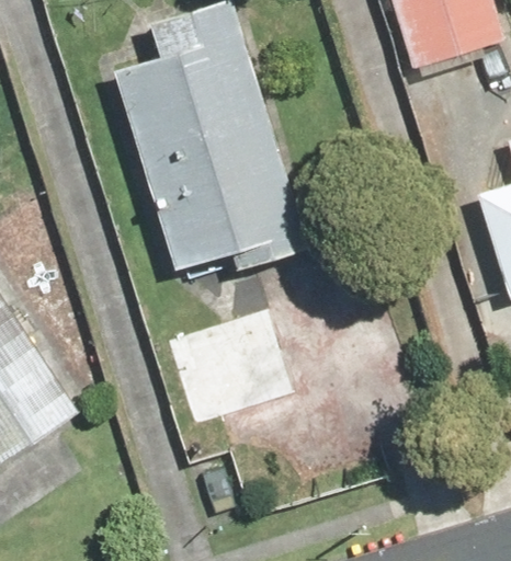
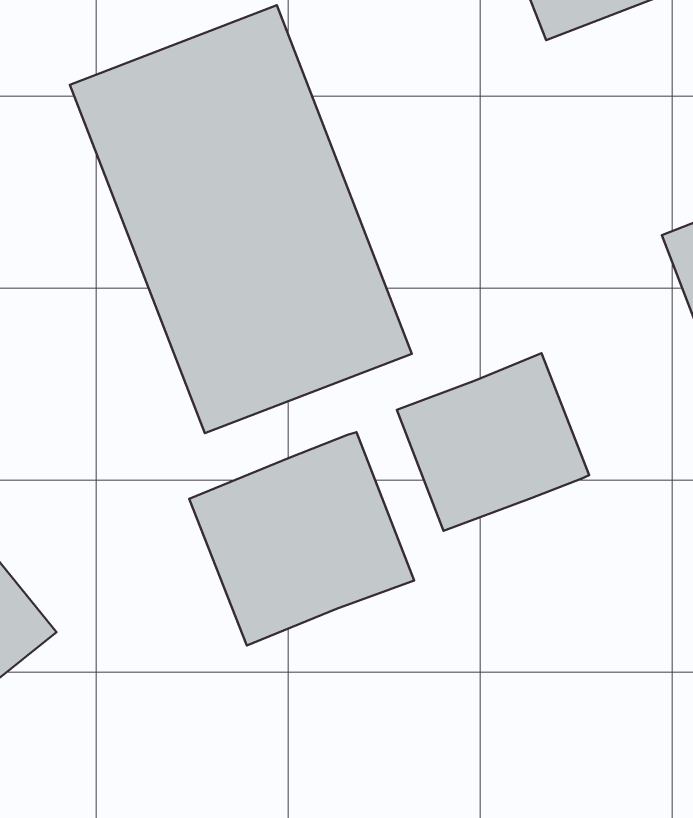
building: none -> [397,353,589,531]

